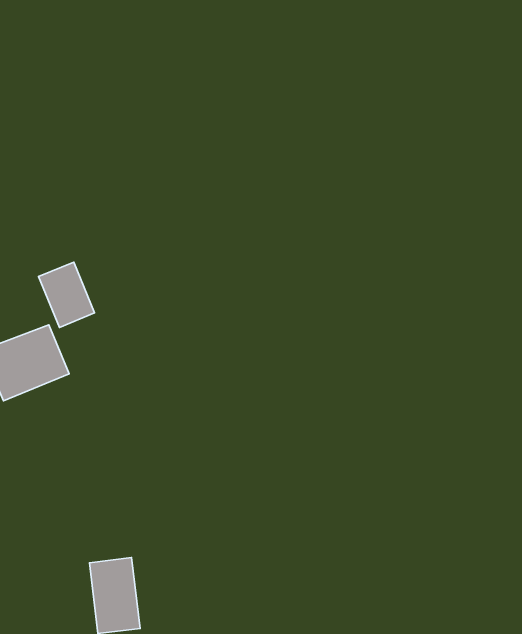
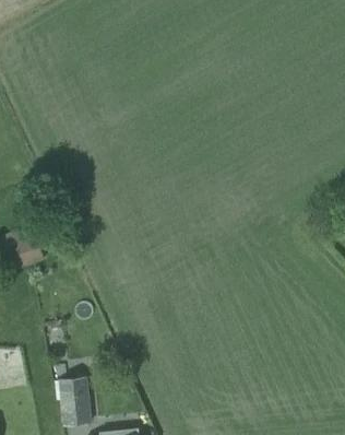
building: [38,262,95,327] -> none

